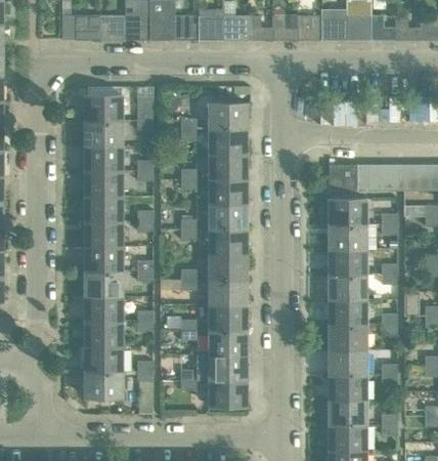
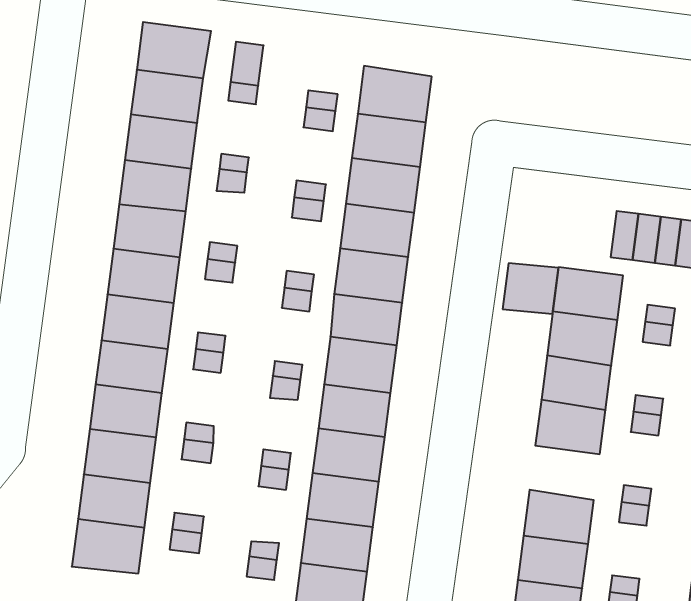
building: [330,164,357,191] -> [503,263,559,314]
building: [330,298,365,324] -> none

